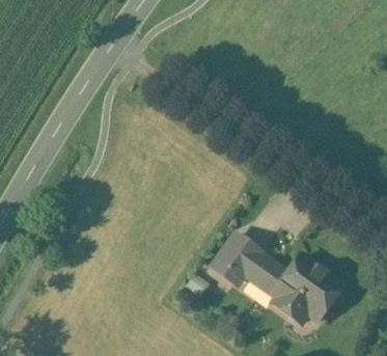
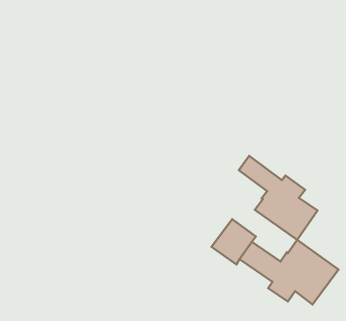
building: none -> [239,156,317,240]

